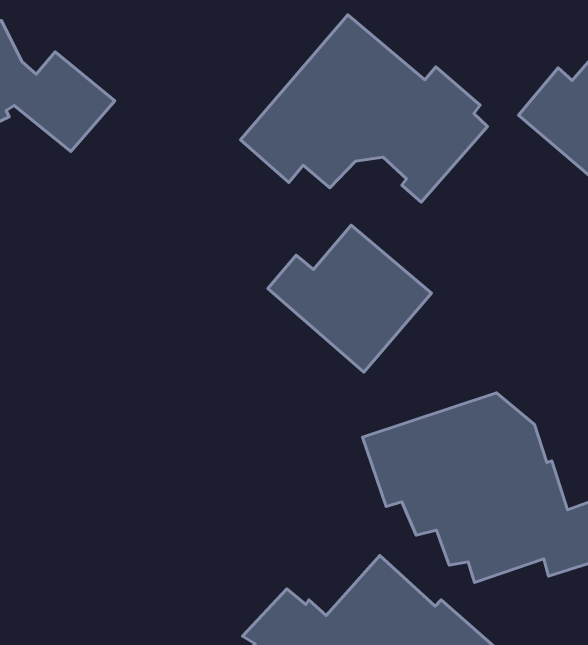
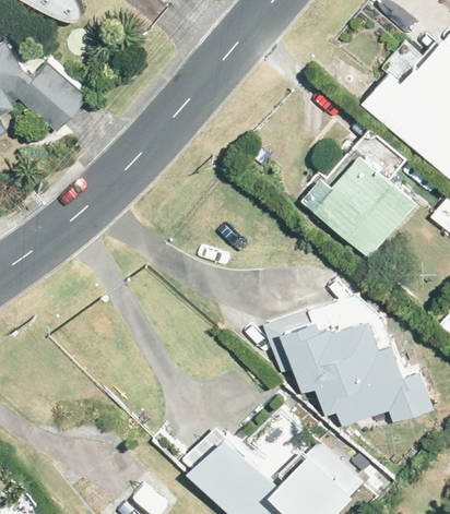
building: [241,15,488,202] -> none
building: [268,225,432,372] -> [299,158,413,260]

